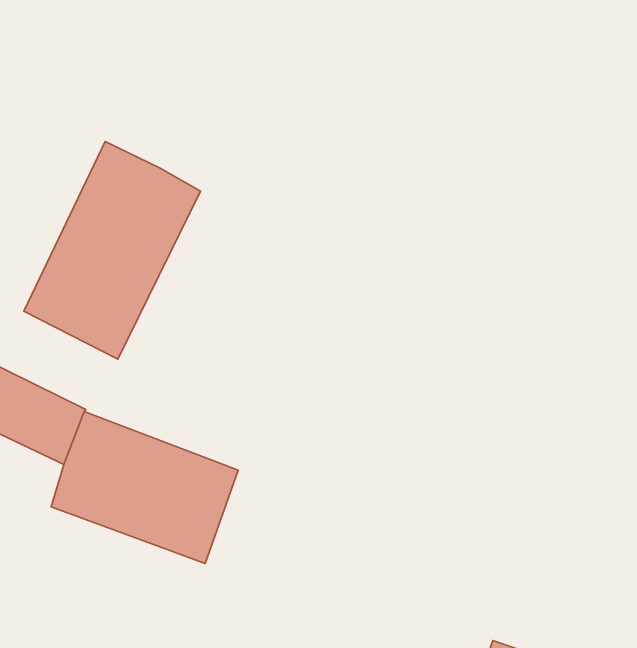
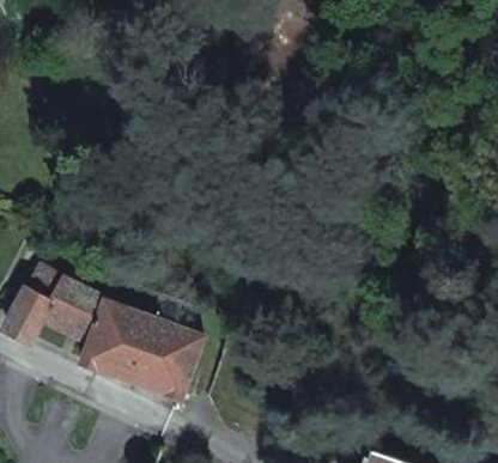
building: [24,142,200,359] -> none

